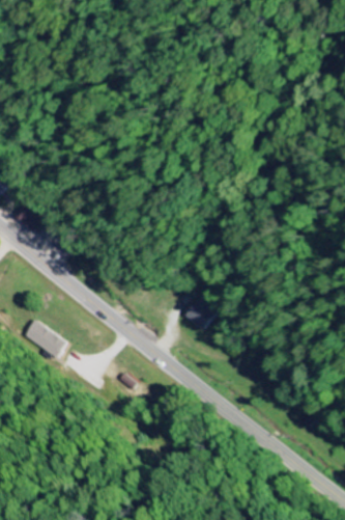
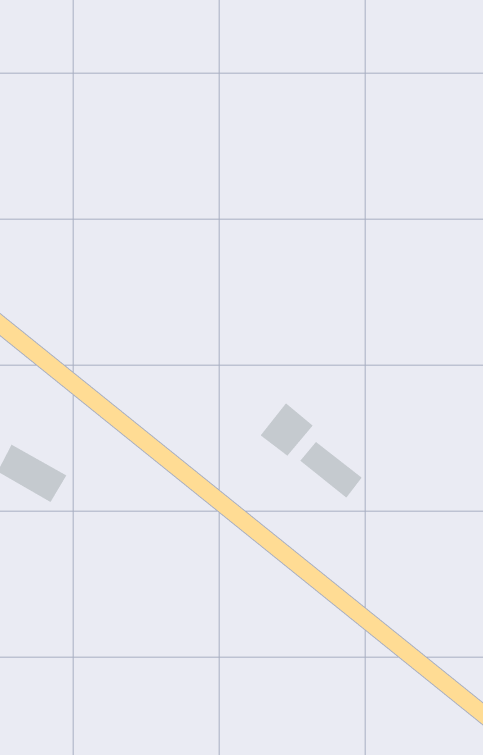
building: none -> [299,441,363,499]

